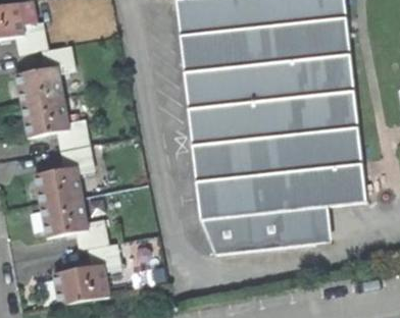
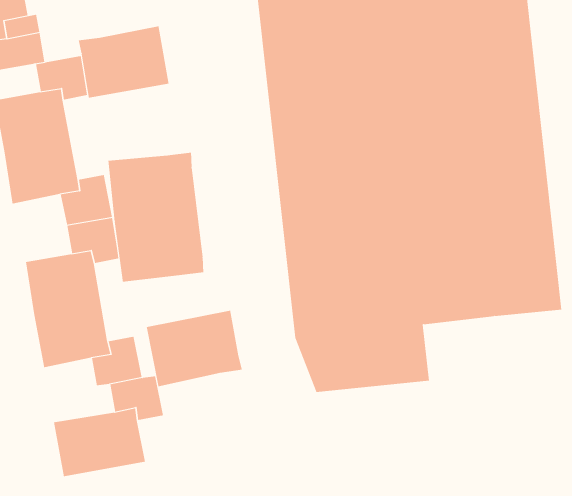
building: none -> [78,25,169,99]
building: none -> [108,152,204,282]
building: none -> [146,310,242,387]
building: [282,206,330,246] -> none

